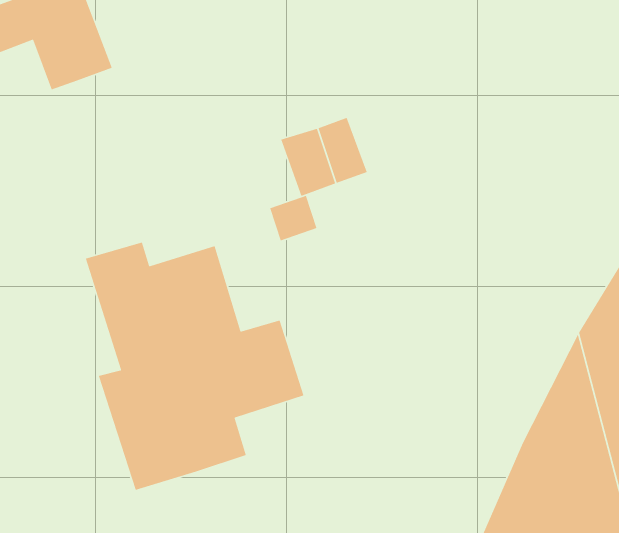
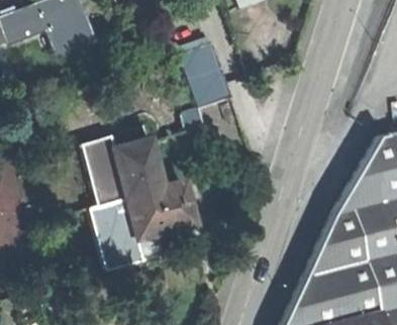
building: none -> [176,42,221,80]

